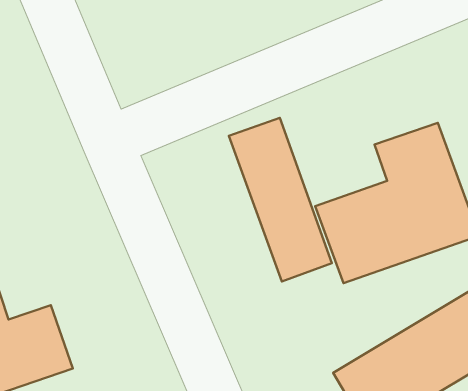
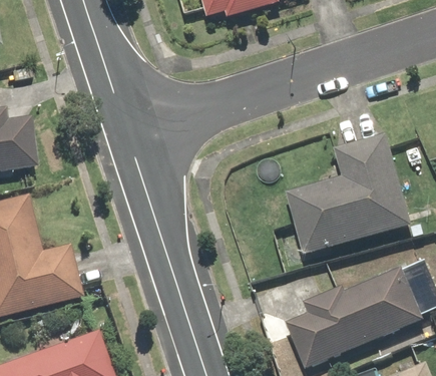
building: [229,118,332,282] -> none

